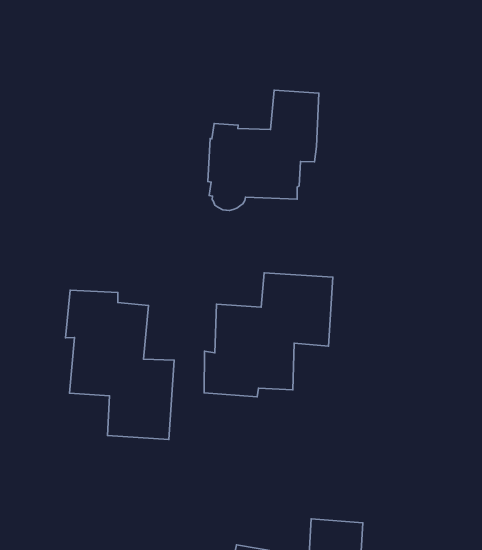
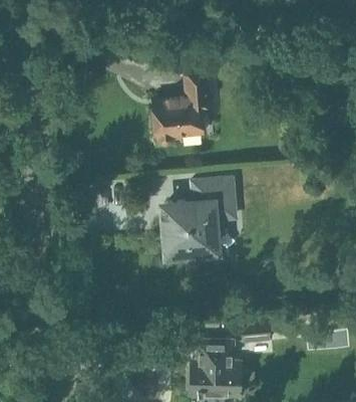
building: [65,290,174,440] -> none

